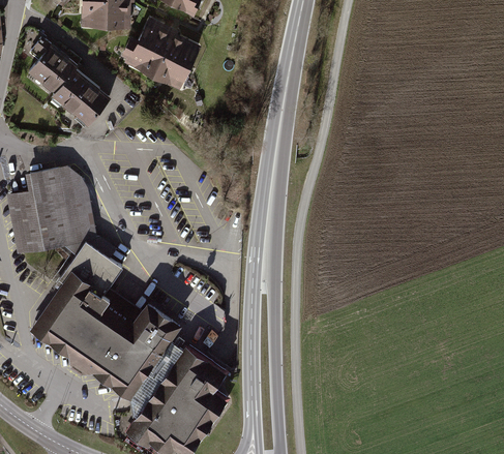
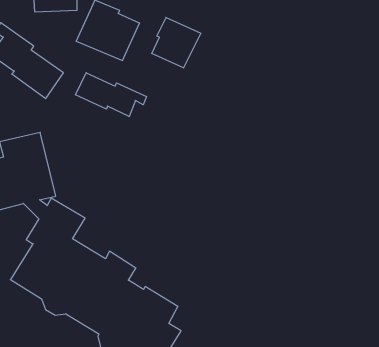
building: none -> [152,17,201,68]
building: none -> [76,73,146,117]

